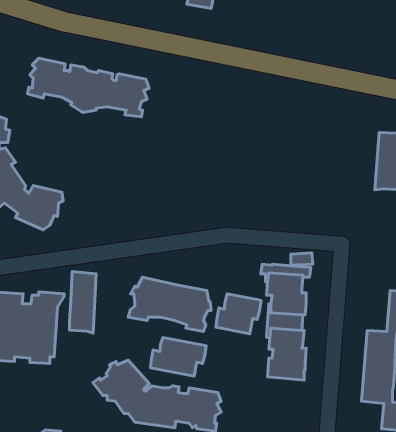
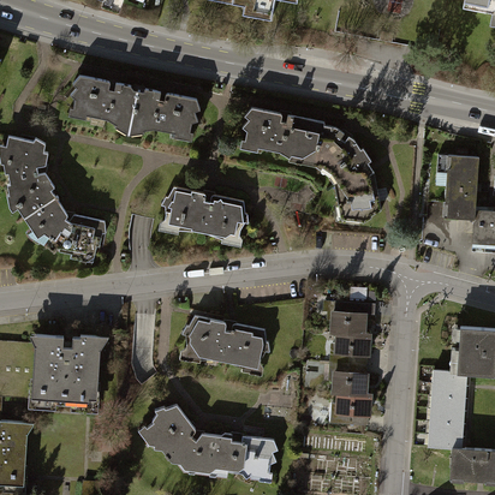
building: none -> [239,108,381,221]
building: none -> [157,186,248,246]
building: [69,272,96,333] -> none
building: [216,294,261,334] -> none
building: [151,338,206,376] -> none

